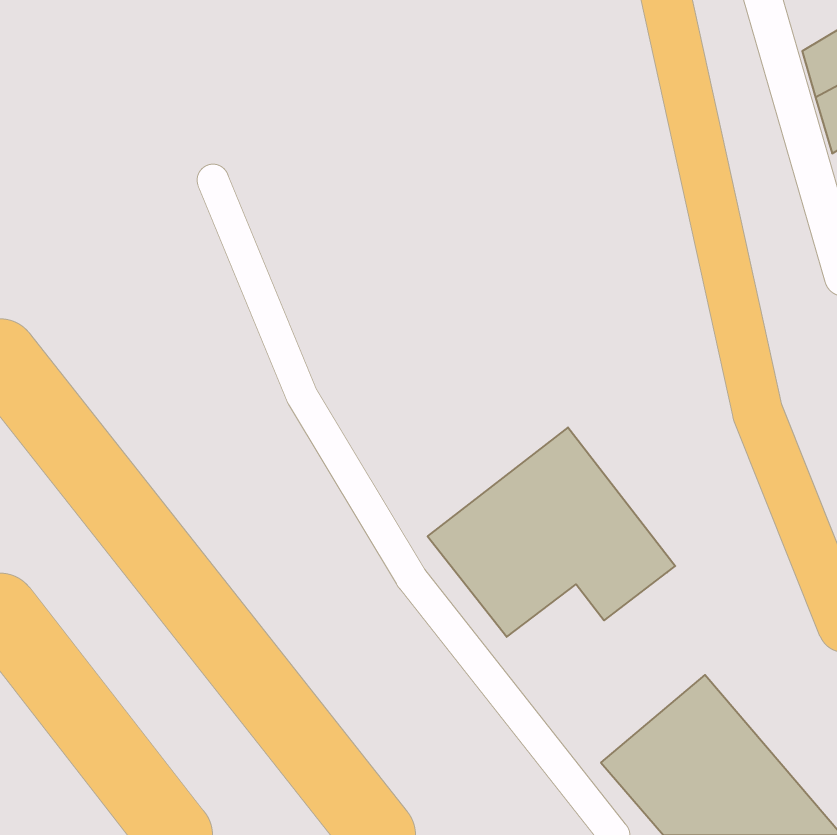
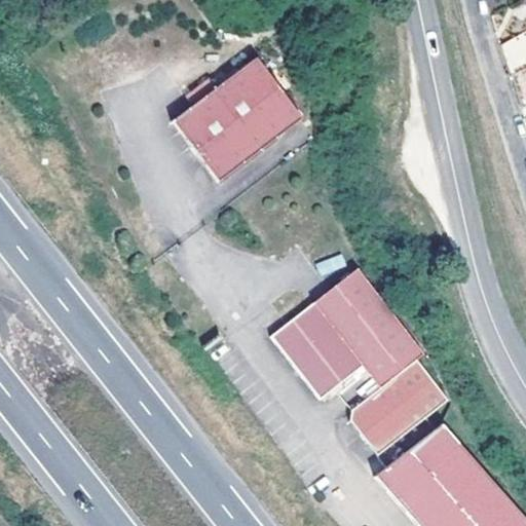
building: none -> [173,64,302,184]
building: none -> [351,356,450,451]

